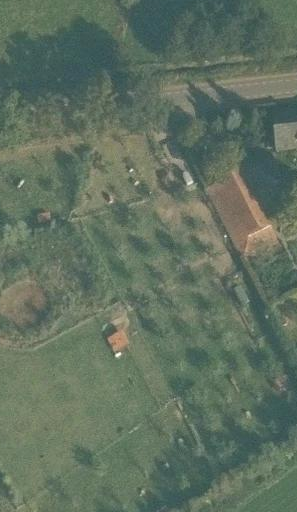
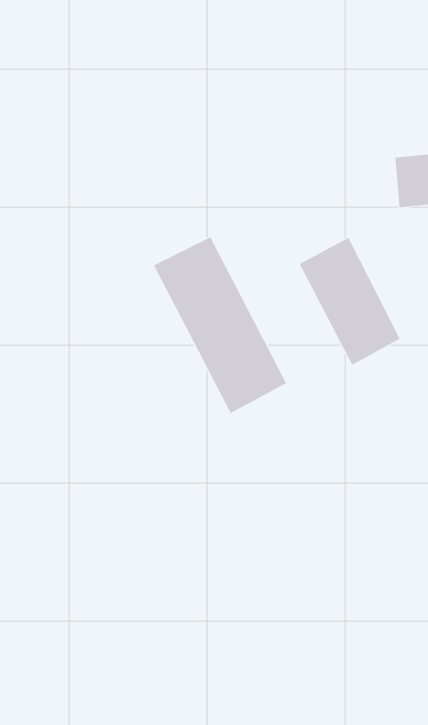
building: none -> [153,236,287,414]

